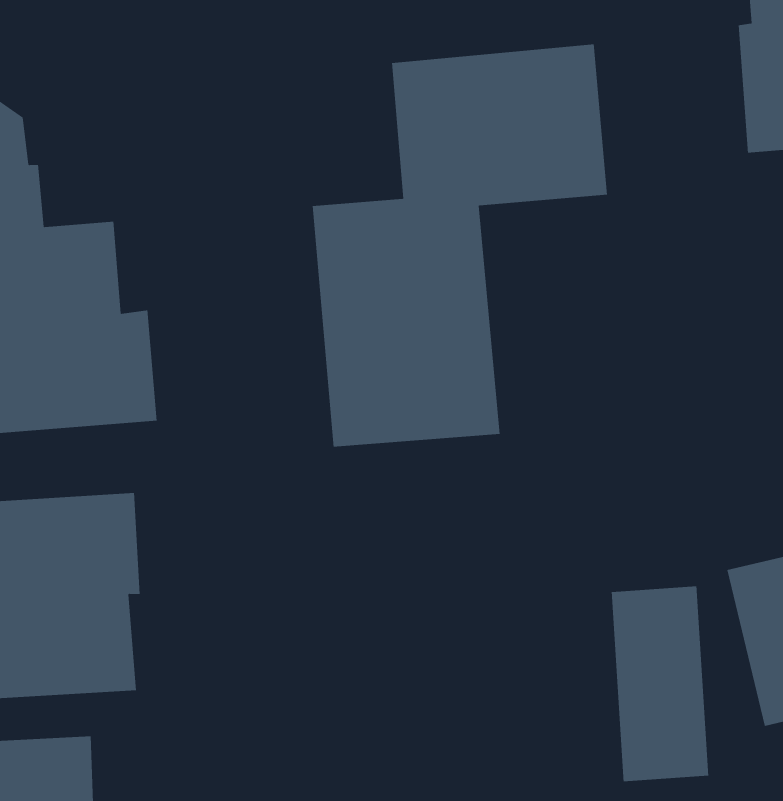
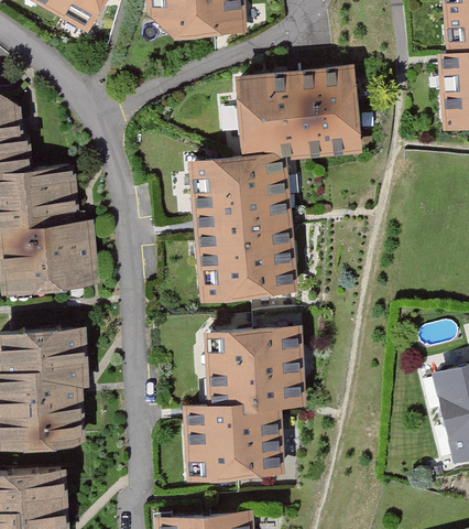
building: none -> [193,332,302,485]
building: [611,586,709,782] -> none

